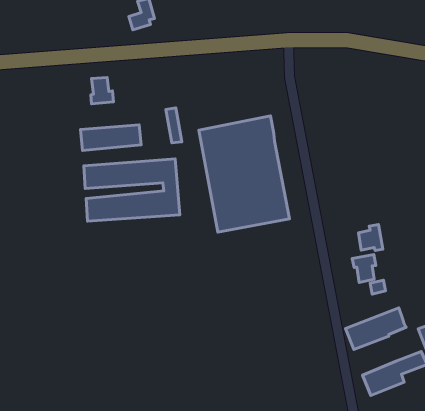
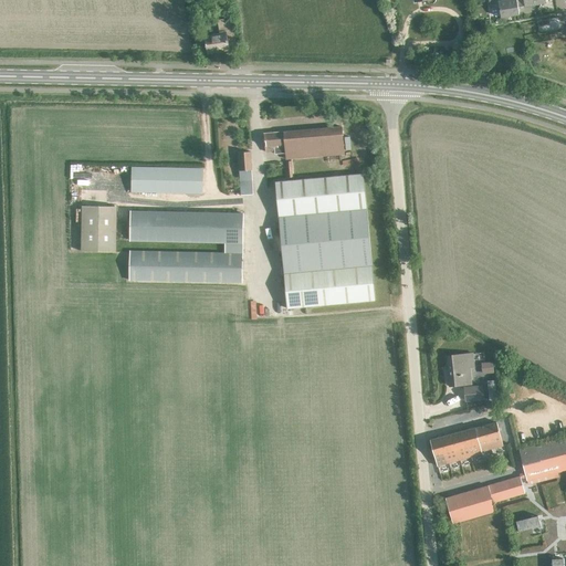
building: [91,78,114,104] -> none
building: none -> [263,125,343,159]
building: none -> [80,205,115,251]
building: [358,225,383,250] -> none

